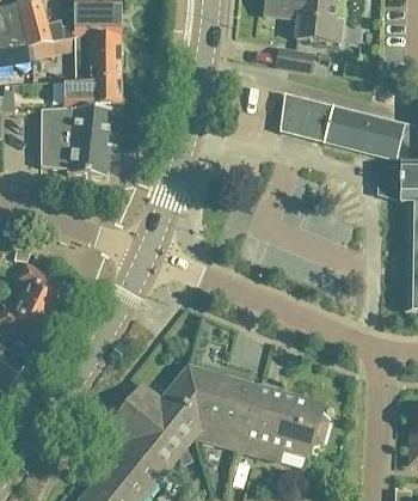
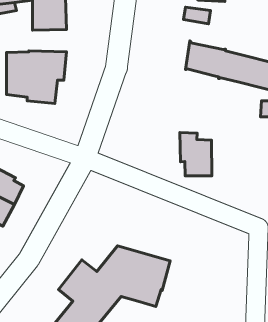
building: [64,77,121,103] -> none
building: none -> [180,132,212,176]
building: [240,386,328,458] -> none

